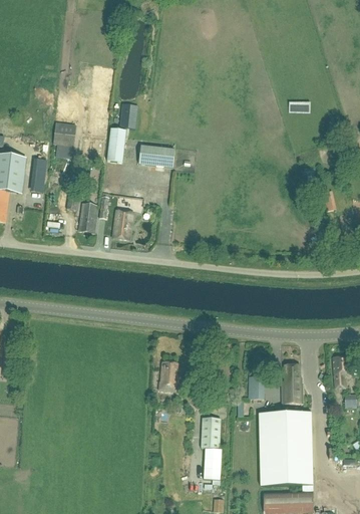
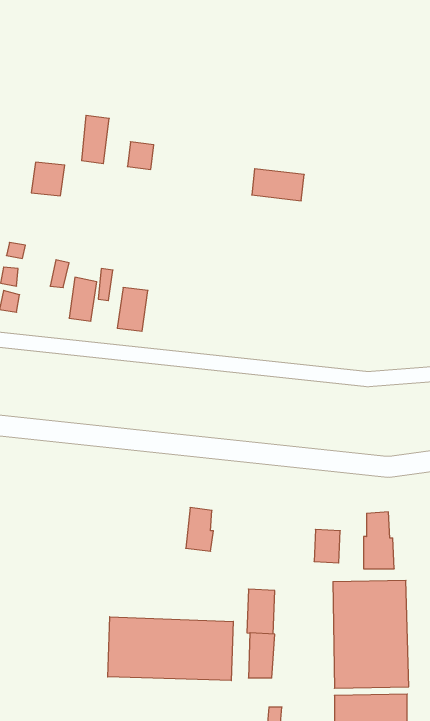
building: [106,128,125,162] -> [82,115,109,164]
building: [138,146,174,168] -> [252,169,304,201]
building: none -> [108,617,233,681]

